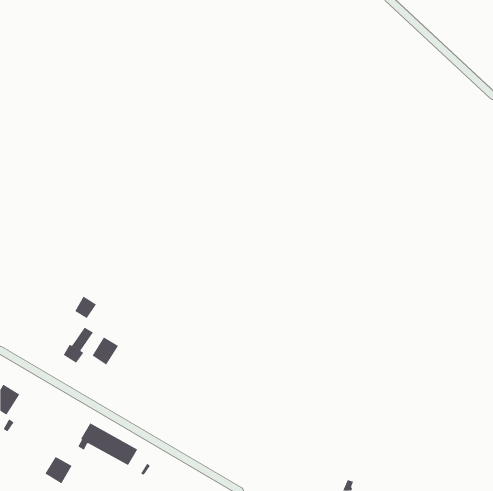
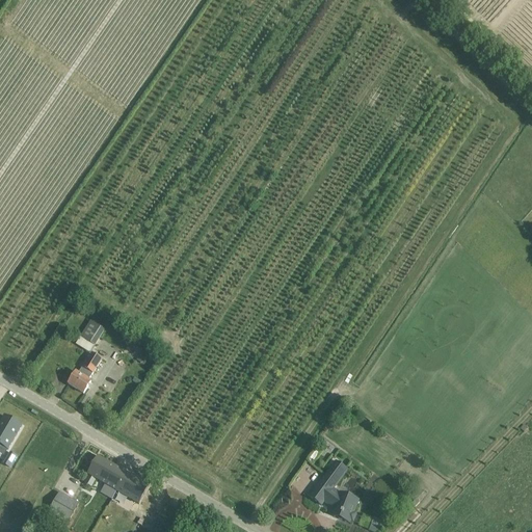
building: [92,336,119,366] -> none
building: none -> [309,459,357,521]

